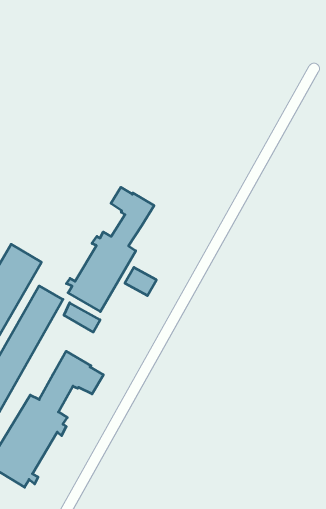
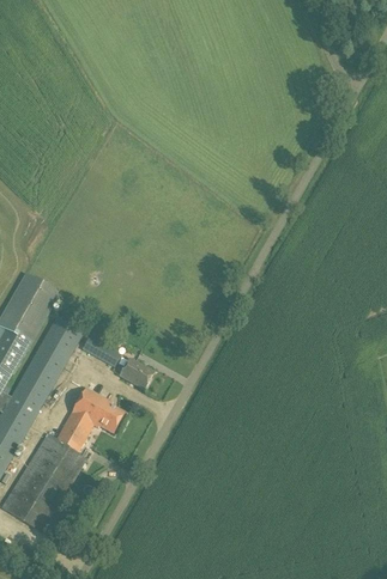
building: [66,187,154,312] -> none
building: [125,267,156,296] -> [120,358,153,388]

